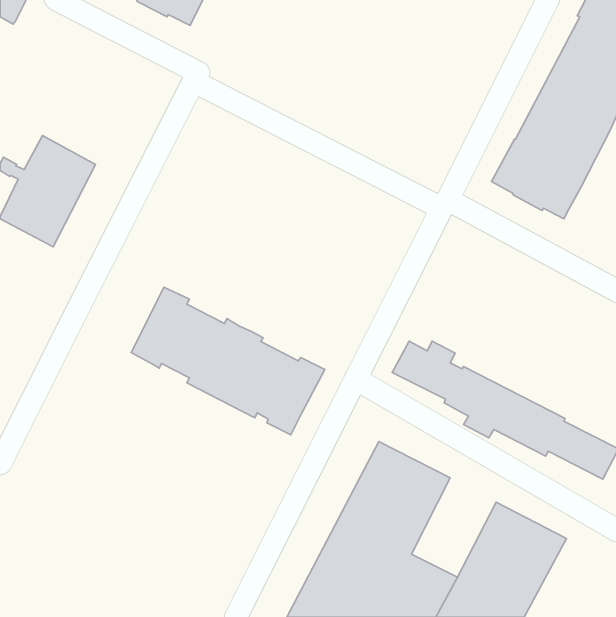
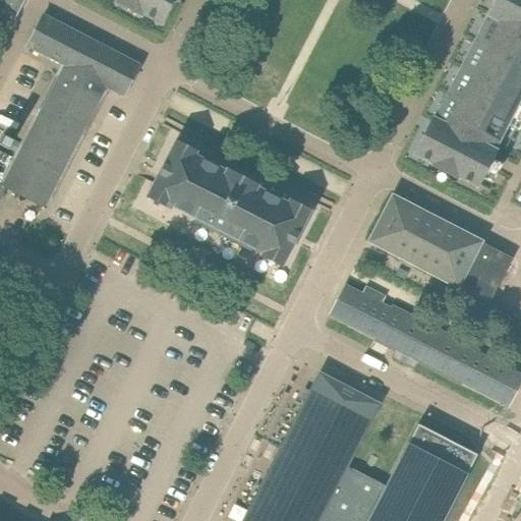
building: none -> [28,13,141,138]
building: none -> [369,194,512,300]
building: [131,287,325,435] -> [149,140,311,265]

